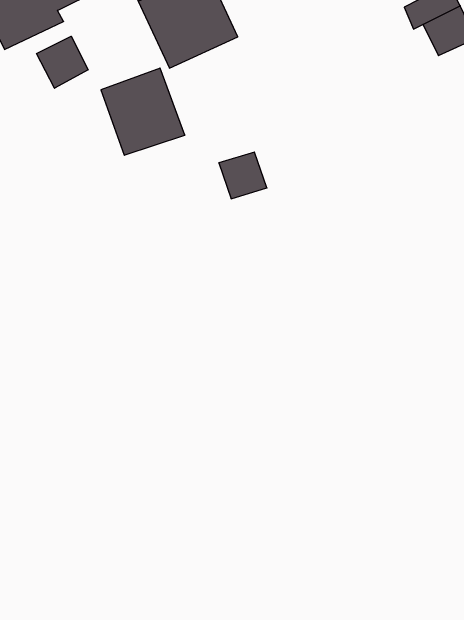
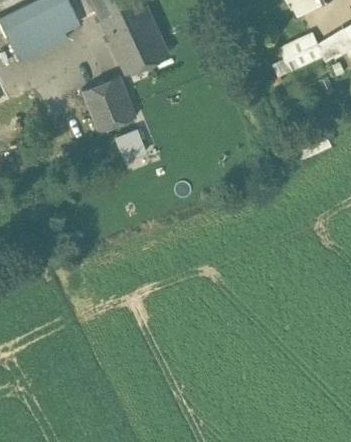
building: [37,36,88,88] -> none
building: [219,152,267,199] -> [116,130,147,160]

